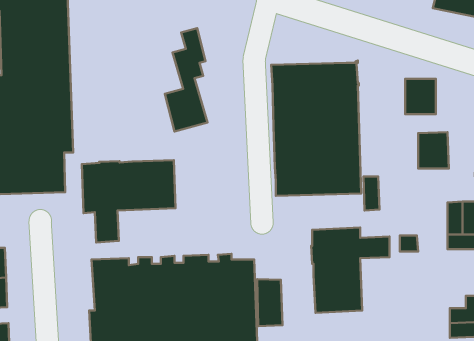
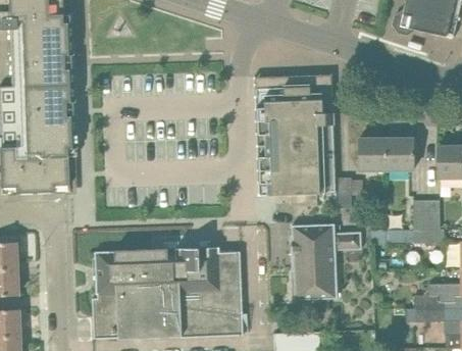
building: [165,28,208,131] -> none
building: [405,79,436,114] -> [359,139,387,170]
building: [82,160,176,243] -> none
building: [257,279,283,326] -> none

